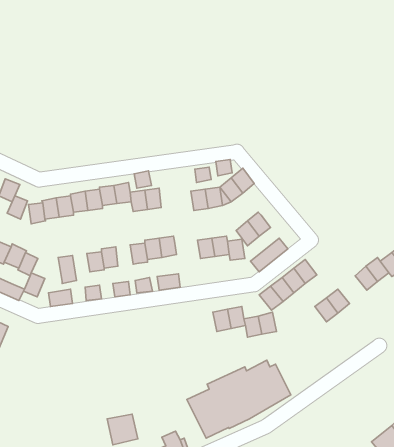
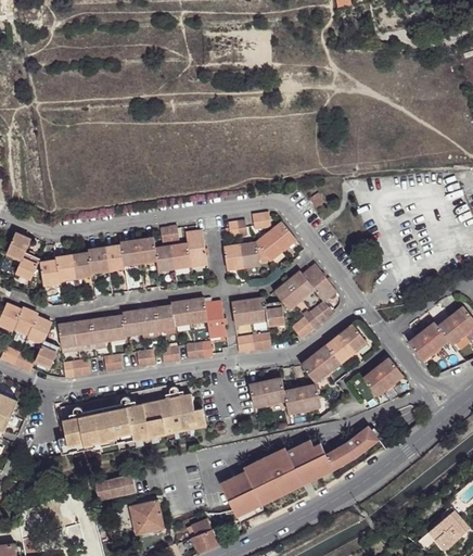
building: none -> [186,231,206,266]
building: none -> [303,264,335,301]
building: none -> [205,302,226,337]
building: none -> [139,308,158,338]
building: none -> [90,318,110,349]
building: none -> [57,323,78,353]
building: none -> [237,332,271,352]
building: none -> [57,381,205,454]
building: none -> [324,426,382,478]
building: none -> [94,475,136,501]

